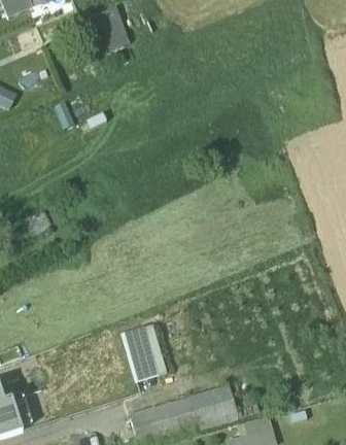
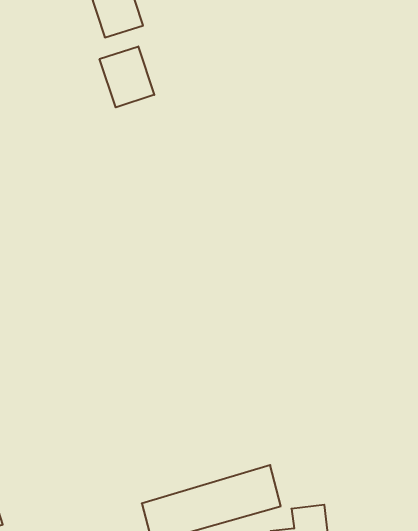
building: none -> [100,46,154,107]
building: [122,324,165,379] -> none

